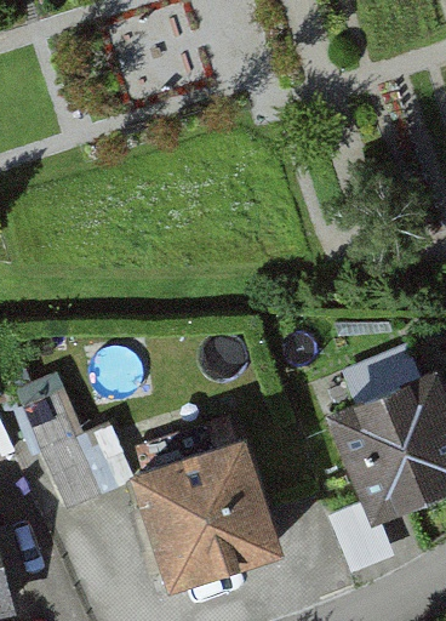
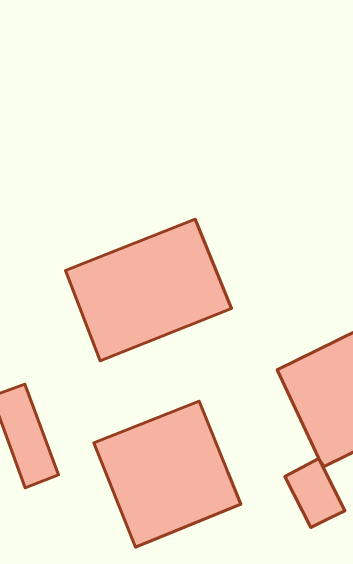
building: none -> [65,219,231,361]

